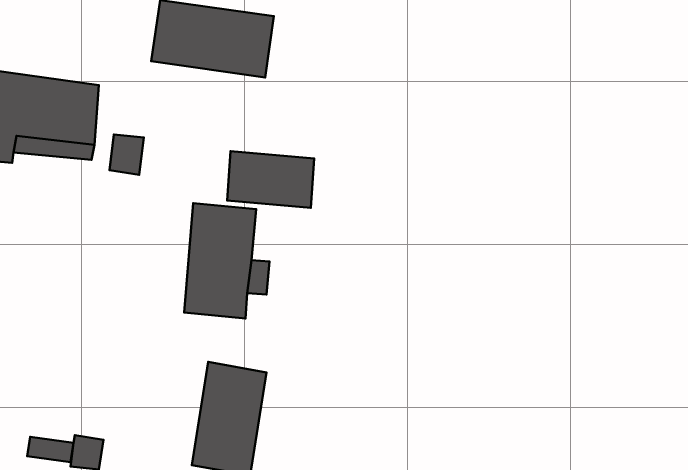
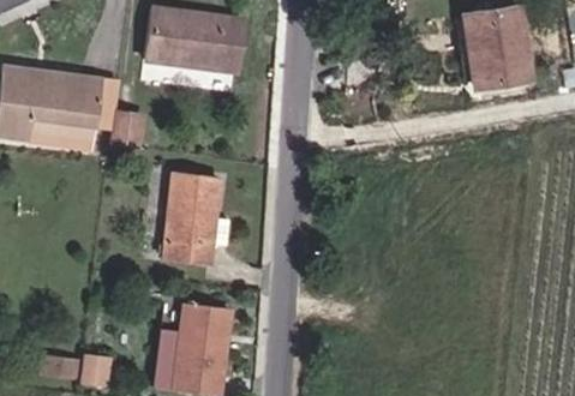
building: none -> [467,23,525,96]
building: [227,151,314,208] -> none

